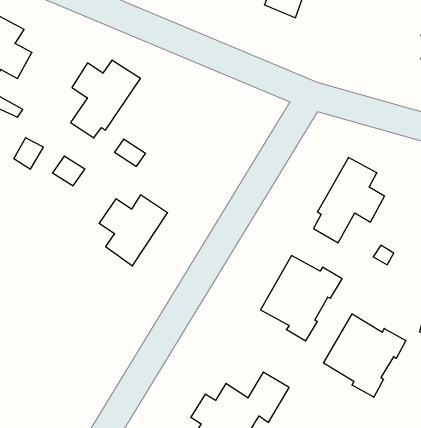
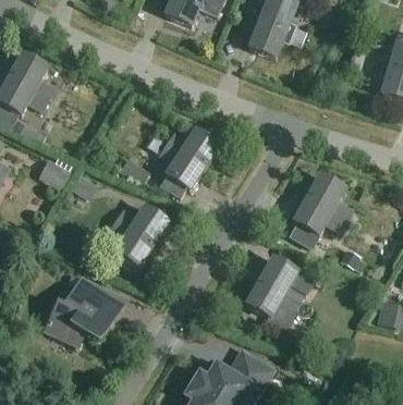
building: [71,60,140,138] -> [160,128,219,194]
building: none -> [45,283,115,344]
building: [324,314,406,397] -> none

